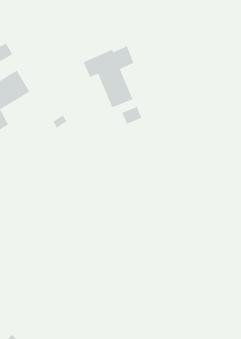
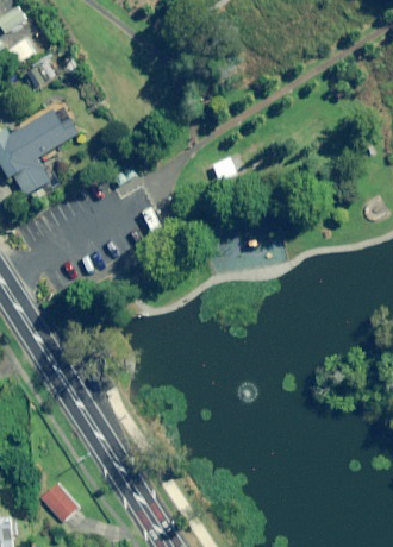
building: [83,46,134,108] -> none

